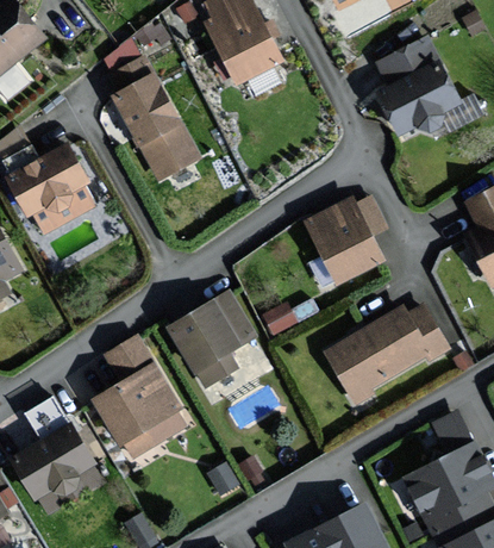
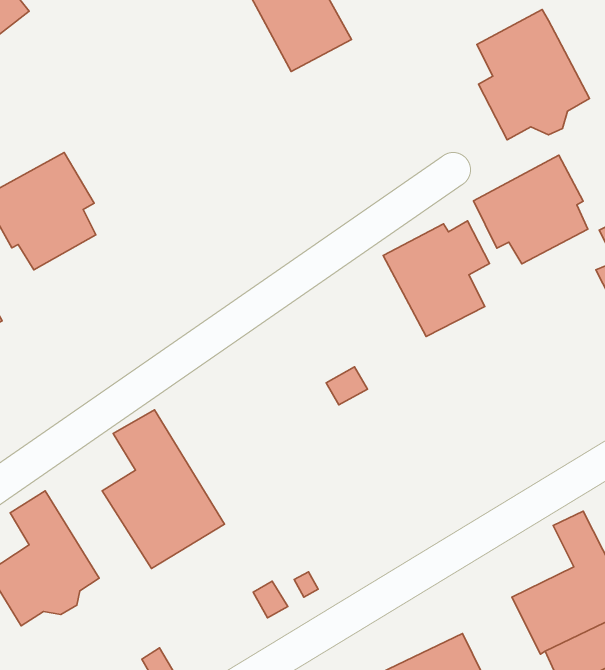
building: [108,56,199,180] -> none
building: none -> [474,155,588,264]
building: [169,293,252,386] -> none
building: [325,305,448,403] -> none

